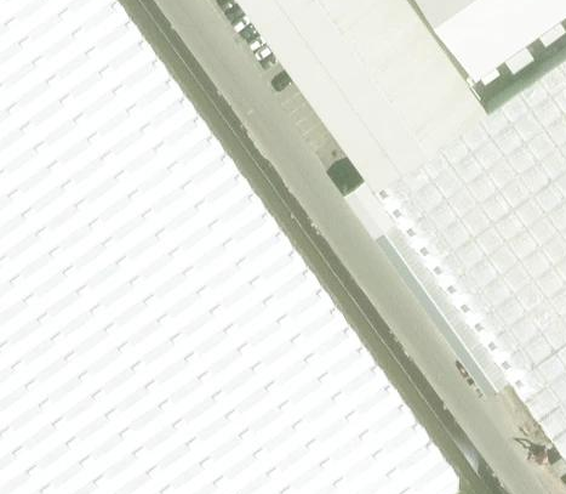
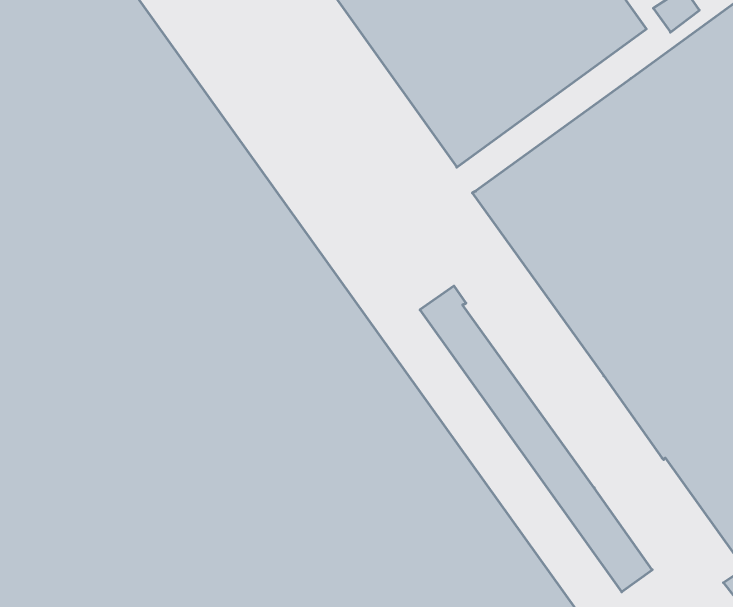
building: [342,171,507,388] -> [420,286,652,592]

